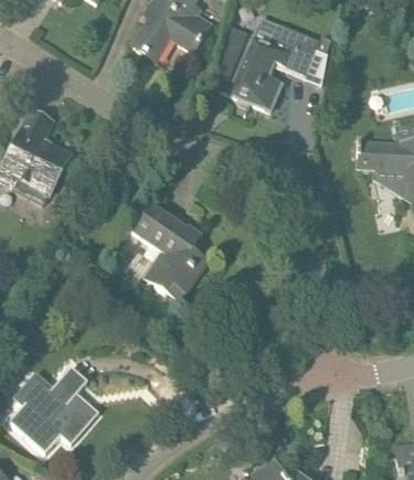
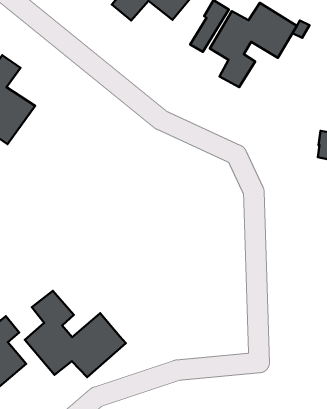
building: [131,203,208,292] -> none
building: none -> [25,291,126,377]

